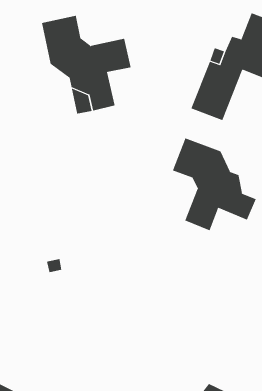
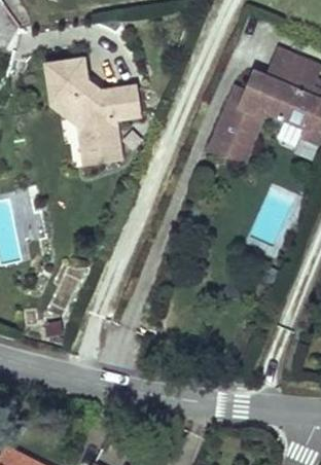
building: [172,137,256,231] -> none

